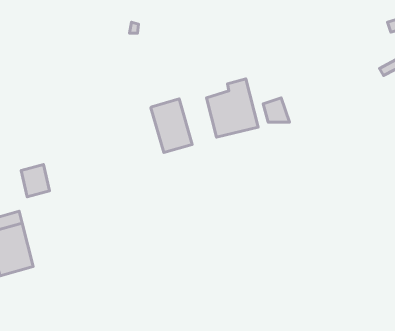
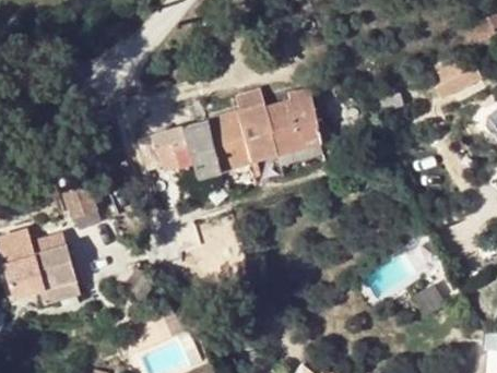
building: none -> [236,105,276,161]
building: none -> [138,121,220,177]

